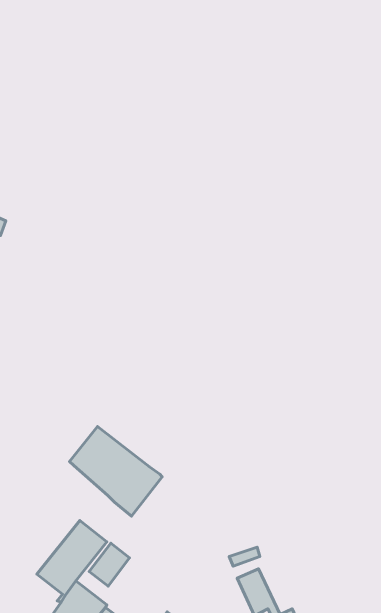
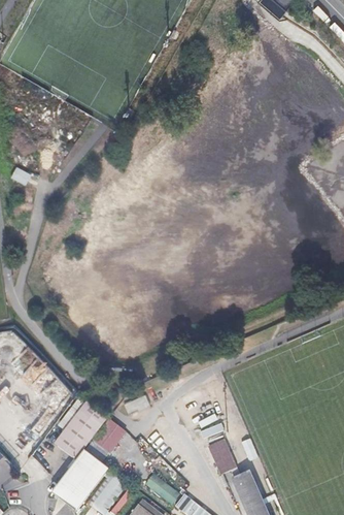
building: [69,426,162,516] -> none

